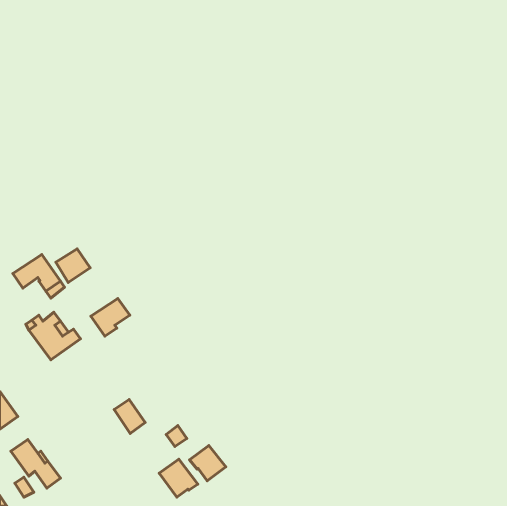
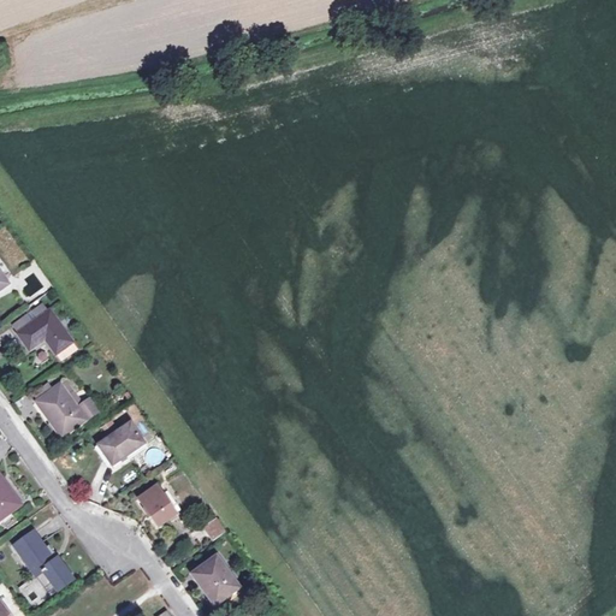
building: [56,249,90,282] -> none
building: [91,298,130,336] -> [97,421,144,467]
building: [189,445,226,481] -> none

